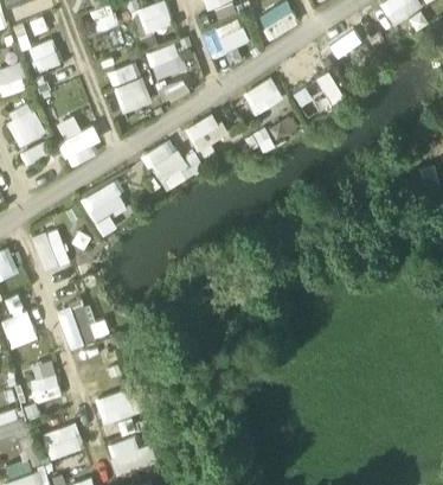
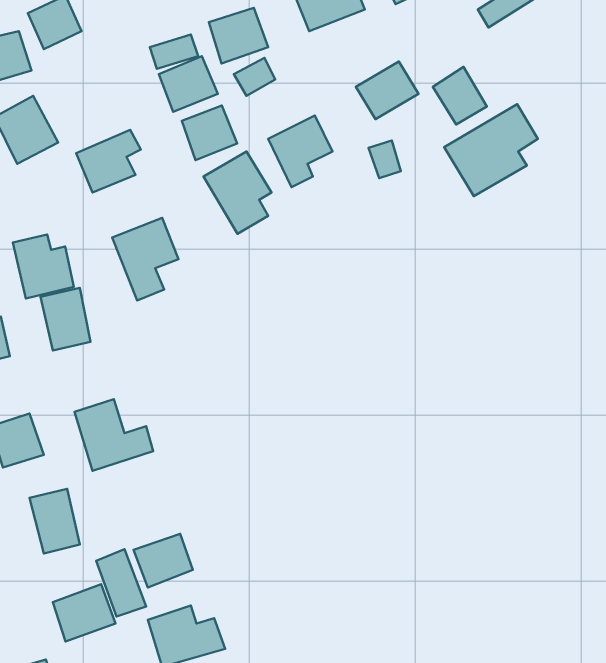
building: none -> [444,104,538,196]
building: none -> [182,105,237,160]
building: none -> [13,234,74,298]
building: none -> [96,549,146,616]

